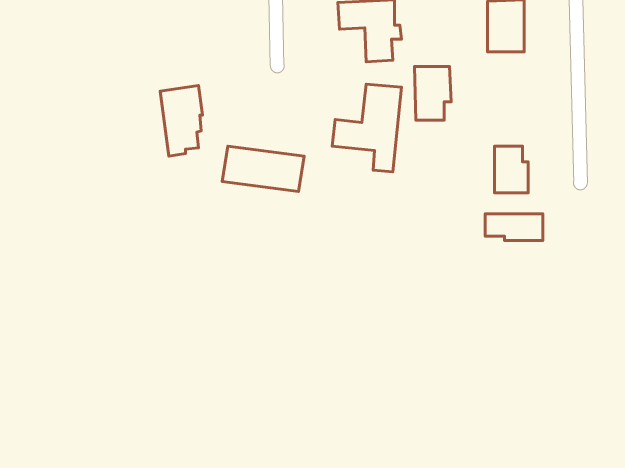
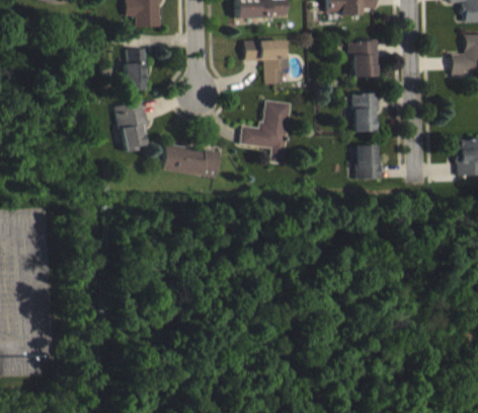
building: none -> [125,49,146,91]
building: [414,66,451,120] -> [352,93,379,132]
building: [485,214,543,240] -> none

